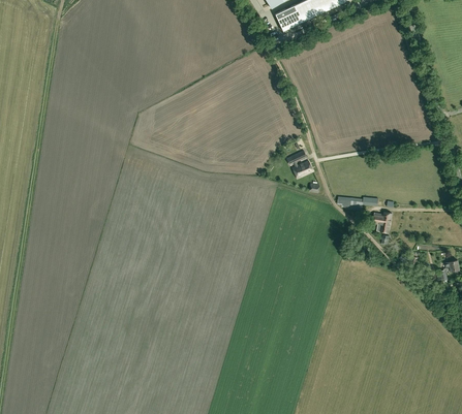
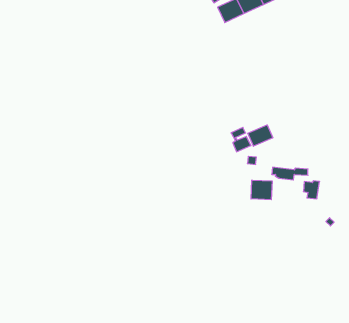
building: none -> [248,125,273,146]
building: none -> [251,180,272,200]

